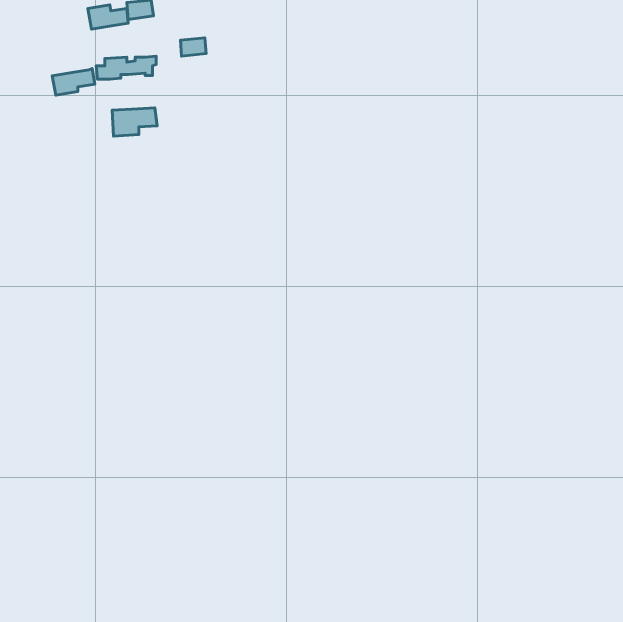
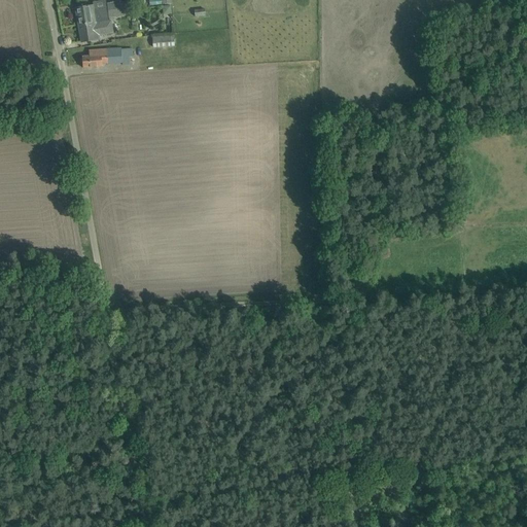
building: [52,68,95,95] -> [77,19,113,41]
building: [112,108,157,136] -> none

